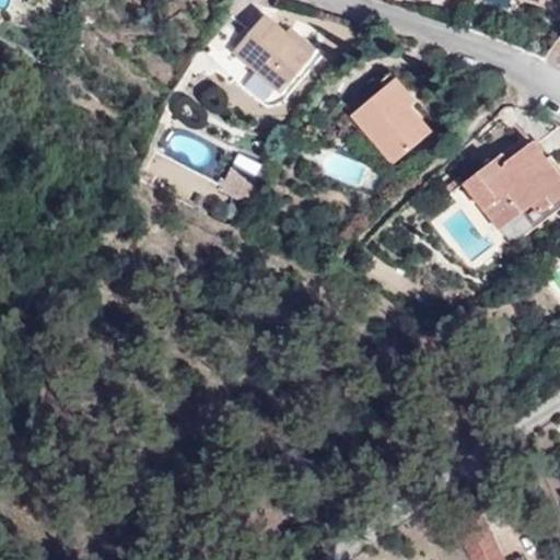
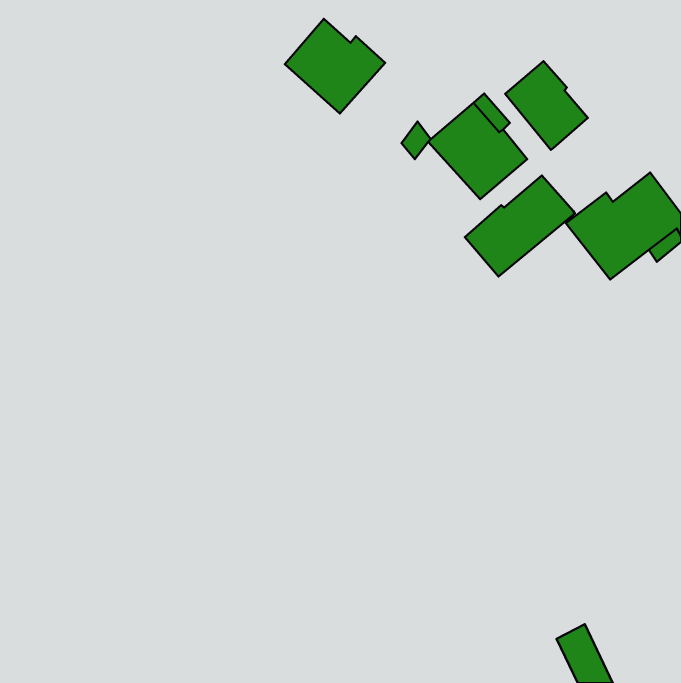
building: none -> [505,61,588,150]
building: none -> [465,175,575,277]

